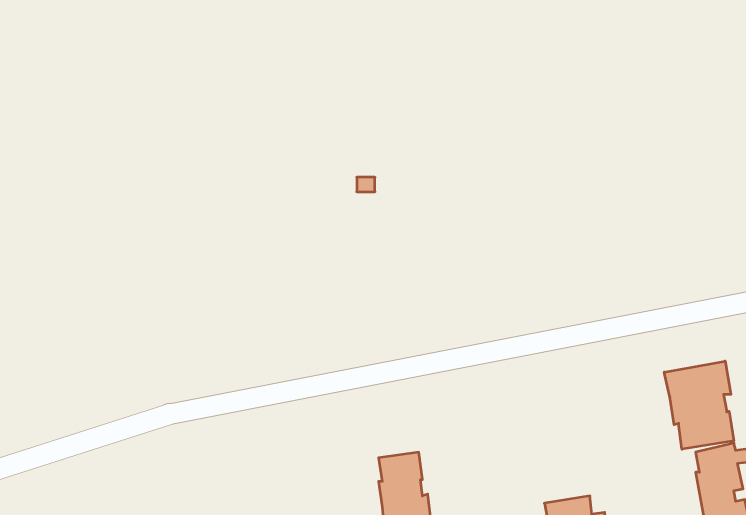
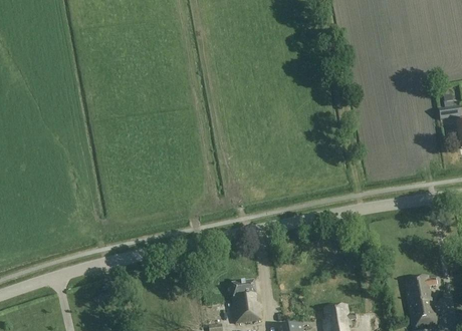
building: [664,361,734,449] -> none

